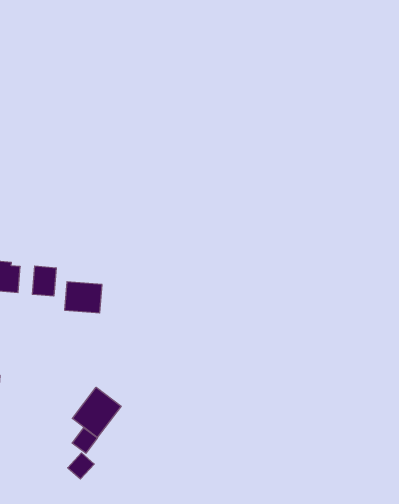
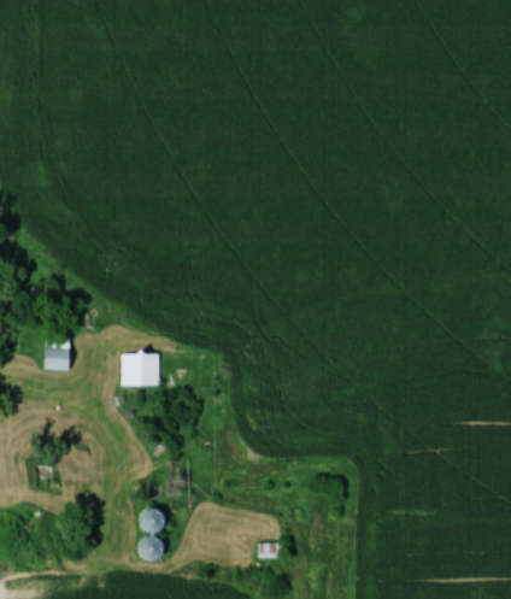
building: [32,266,56,296] -> none
building: [72,387,121,438] -> none

